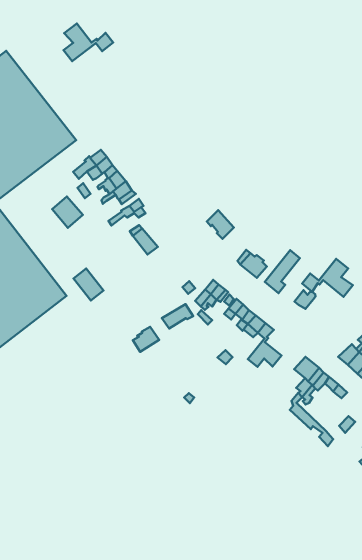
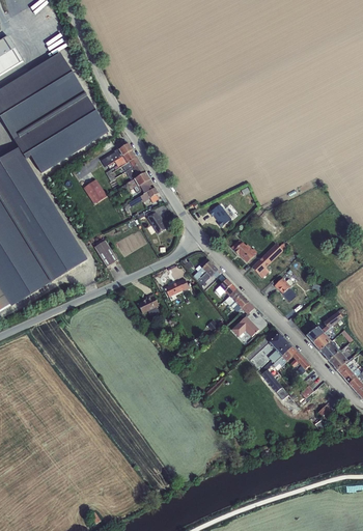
building: [64,23,113,61] -> none
building: [302,259,353,297] -> none

